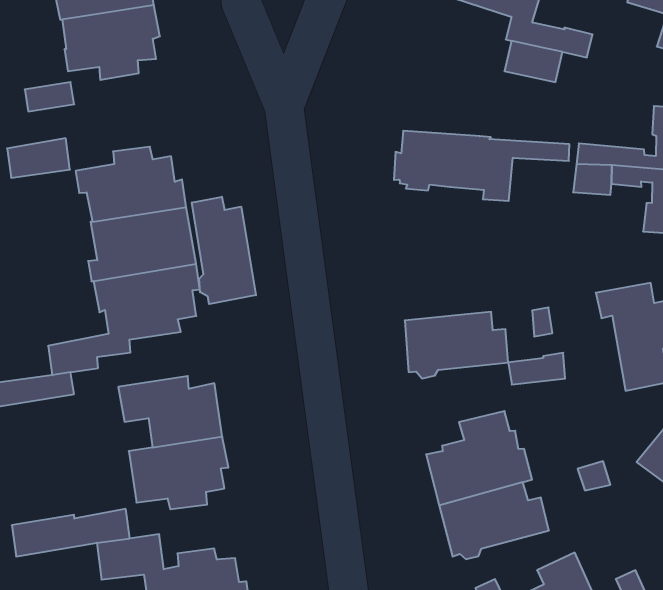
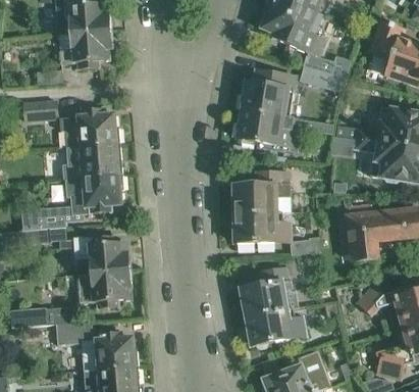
building: none -> [239,69,296,117]
building: [192,197,256,304] -> none
building: none -> [233,171,282,214]

